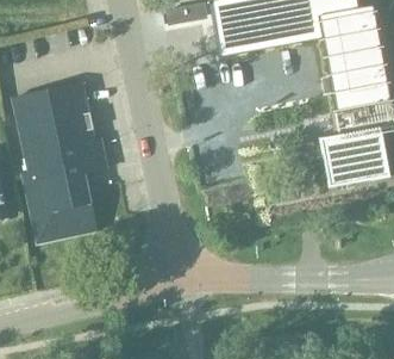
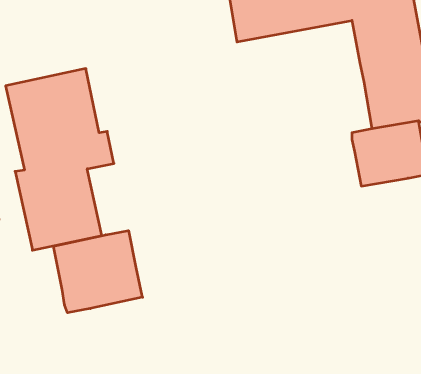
building: none -> [54,231,143,313]

